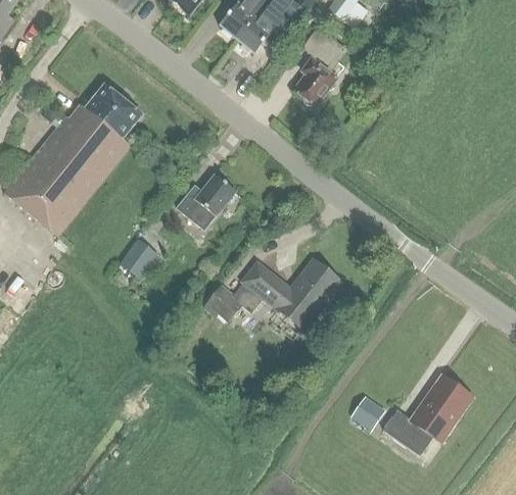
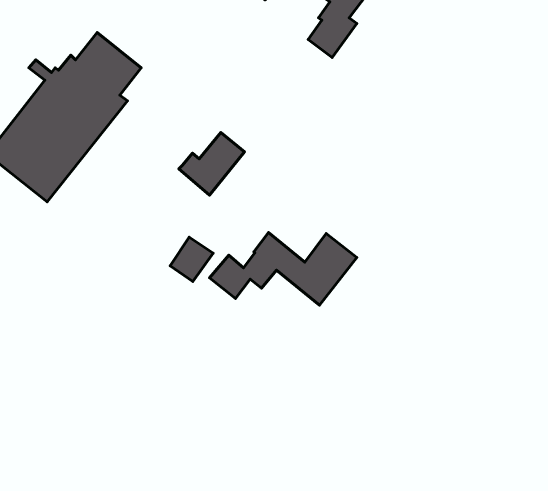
building: [120,238,158,278] -> [170,237,213,282]
building: [383,376,472,454] -> none
building: [351,394,385,428] -> none

